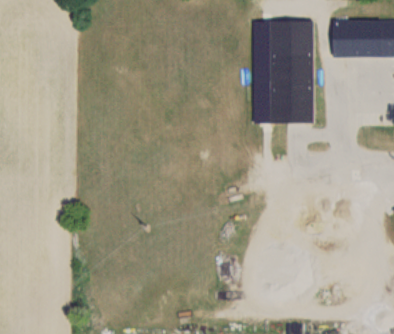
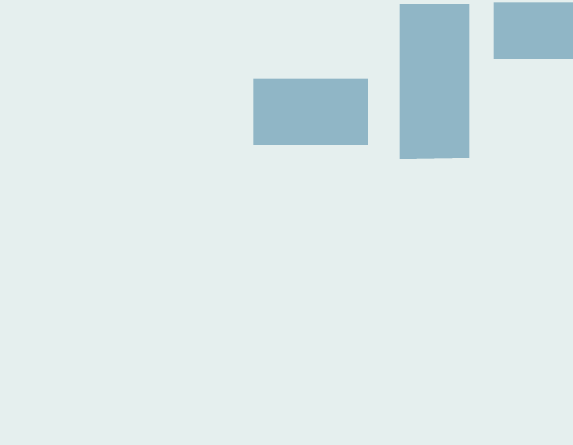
building: none -> [253,78,369,146]

